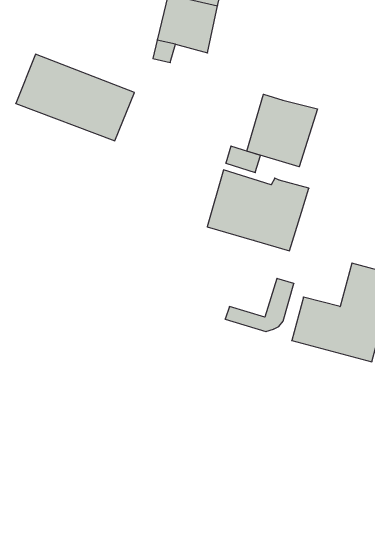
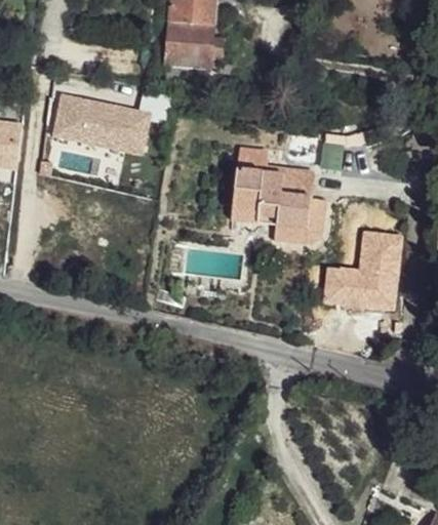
building: [247,94,317,167] -> none
building: [225,278,294,332] -> [273,193,327,240]

